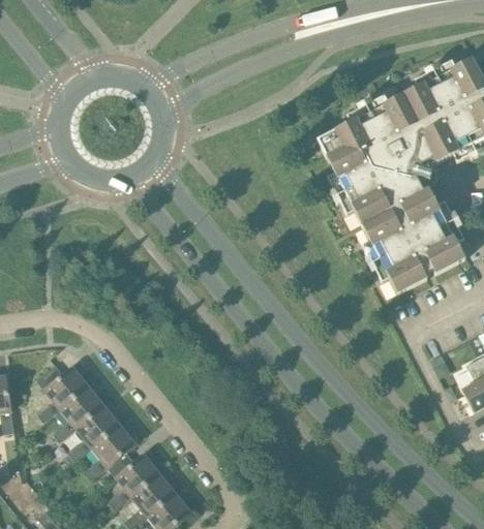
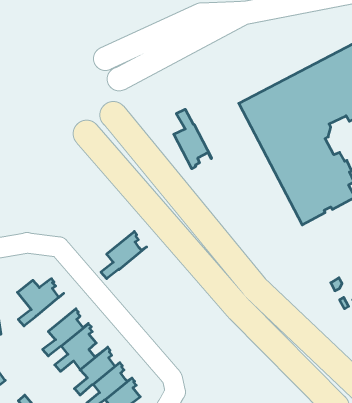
building: none -> [174,109,212,169]
building: [52,380,110,440] -> [101,231,147,279]

